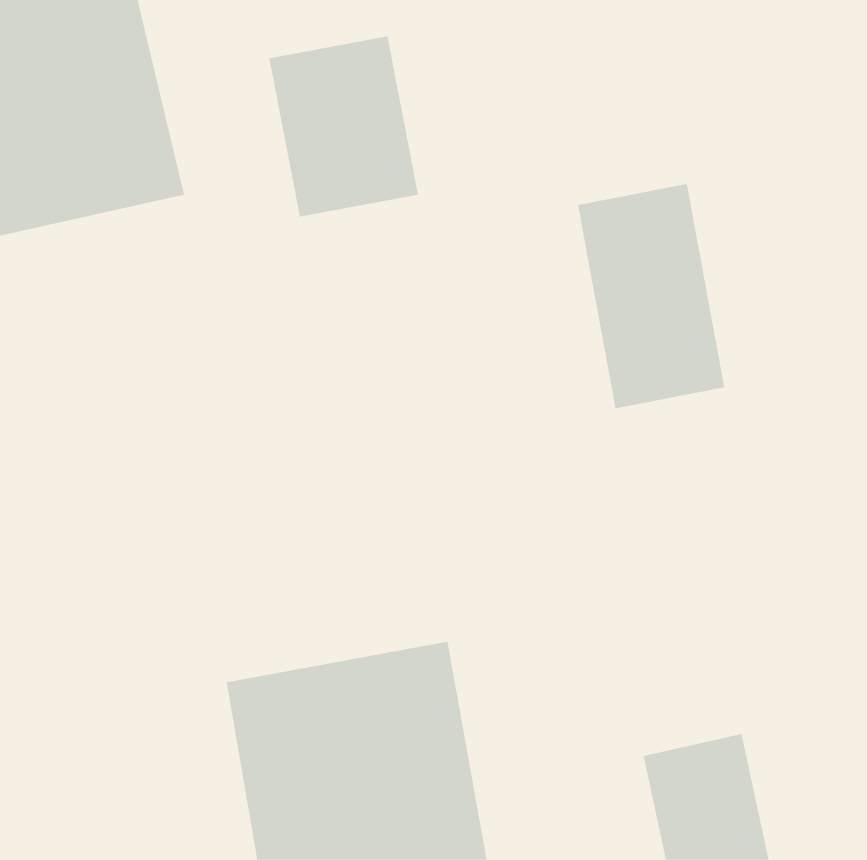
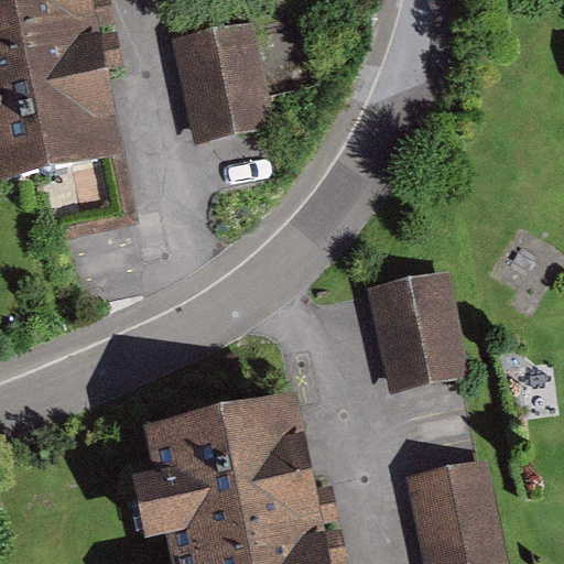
building: [578,183,725,409] -> none
building: none -> [376,281,460,389]

